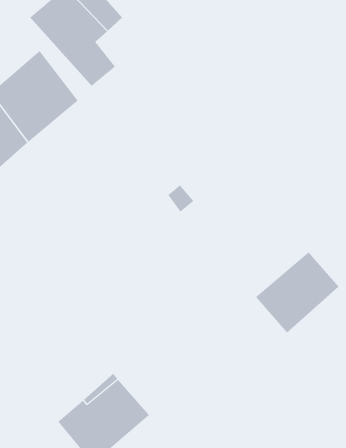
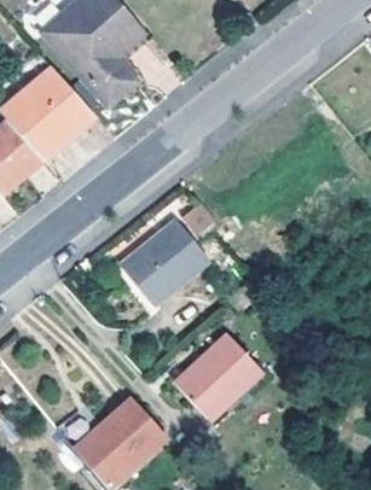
building: none -> [122,221,207,305]
building: [255,252,339,333] -> [178,338,265,422]

